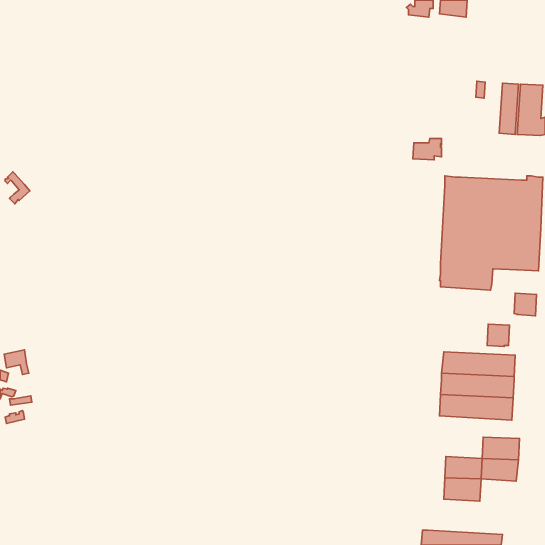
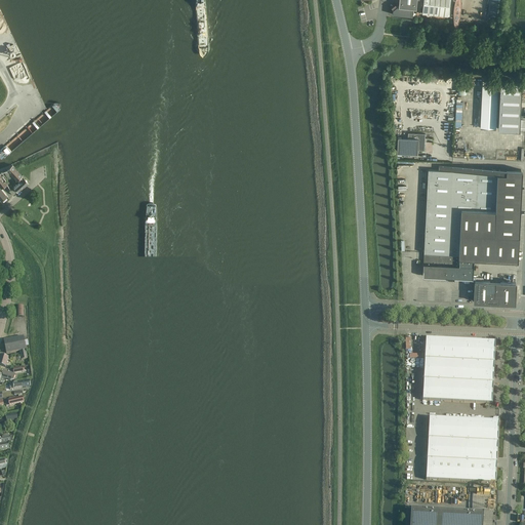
building: [487,324,510,347] -> [474,281,495,302]
building: none -> [429,418,465,441]
building: none -> [461,460,496,483]

